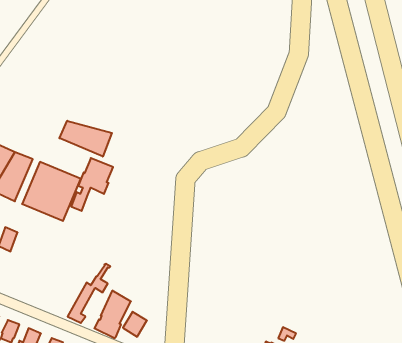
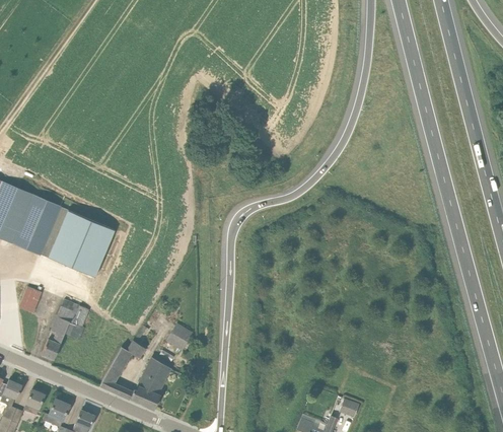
building: [59,121,112,157] -> none
building: [71,158,113,211] -> [42,299,89,359]
building: [123,312,147,337] -> [165,322,193,351]

